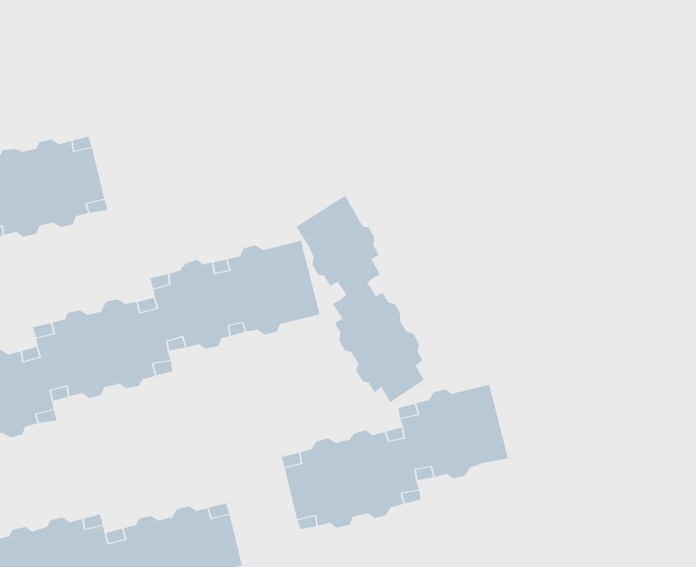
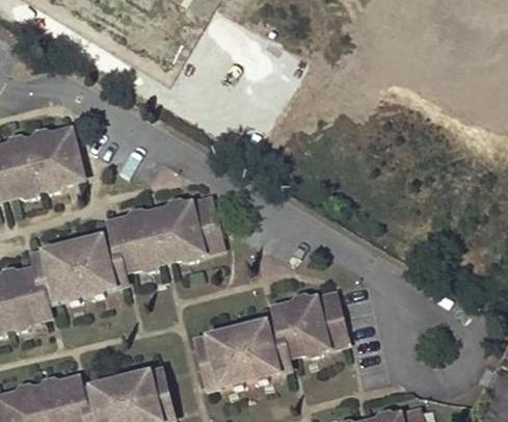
building: [295,195,425,403] -> none

